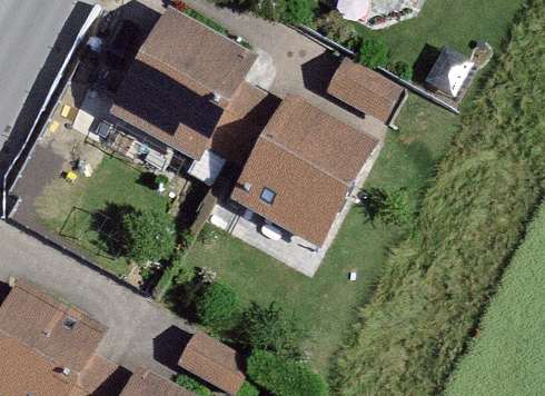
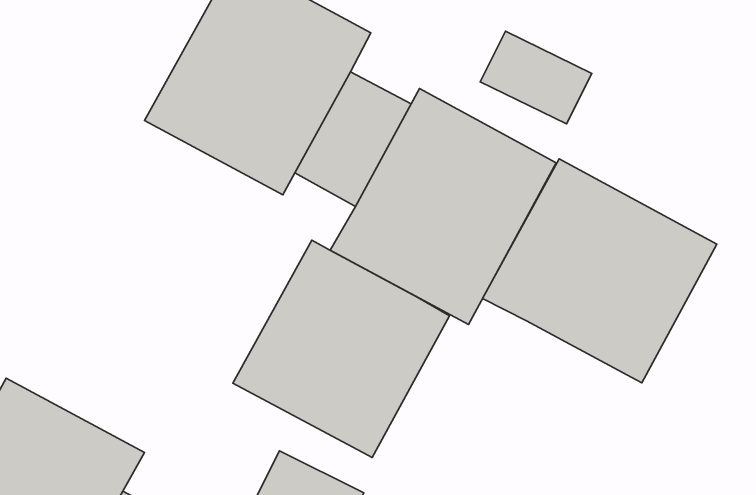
building: none -> [483,159,717,383]
building: none -> [233,240,450,458]

